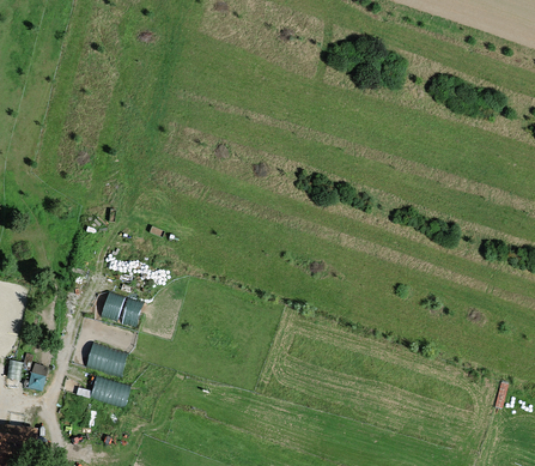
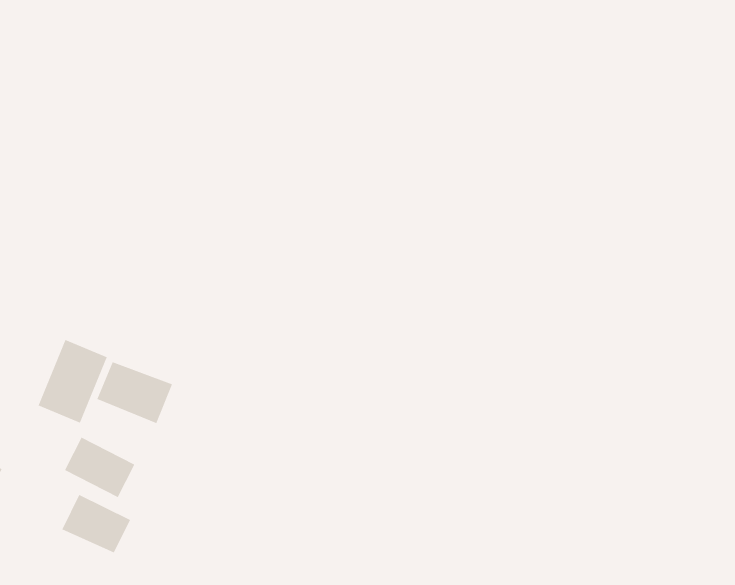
building: none -> [38,339,107,424]

